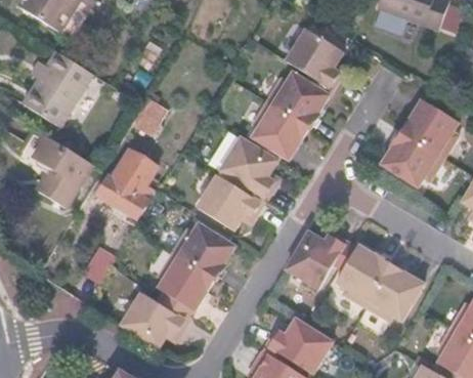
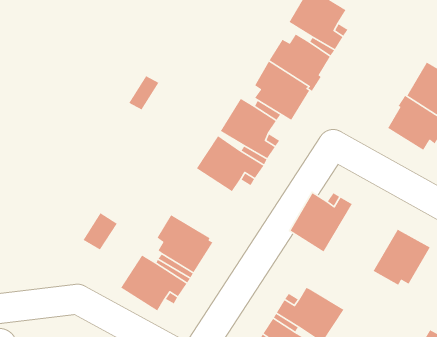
building: [25,53,95,128] -> none
building: [15,126,91,211] -> none
building: [93,151,154,217] -> none
building: [169,221,232,280] -> none
building: [340,245,394,306] -> none

